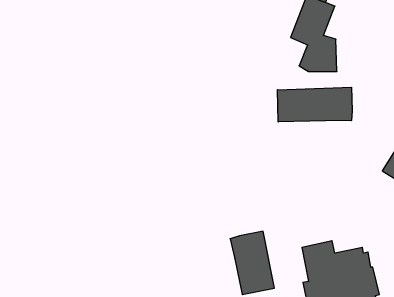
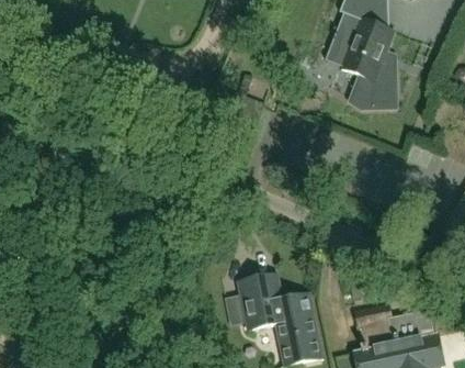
building: [277,87,352,122] -> none
building: none -> [235,270,280,327]

